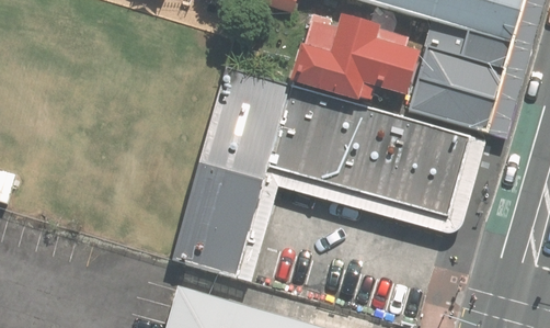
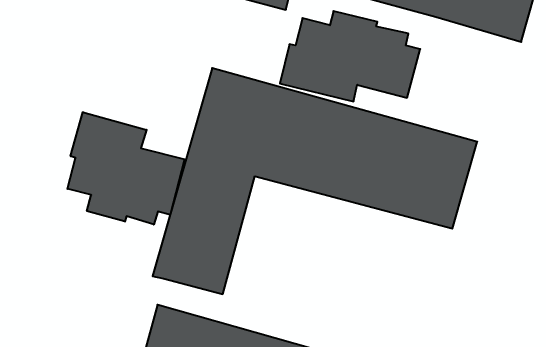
building: [409,21,512,134] -> none
building: none -> [67,112,185,225]

